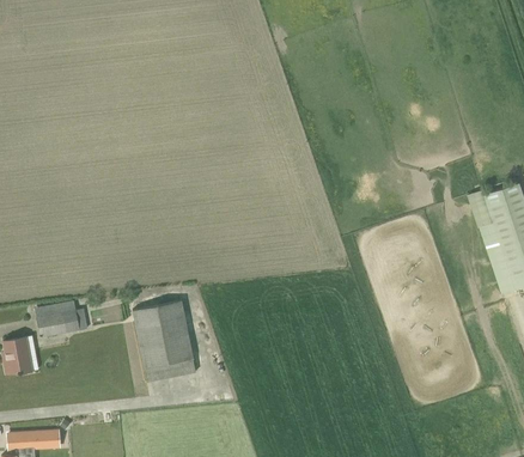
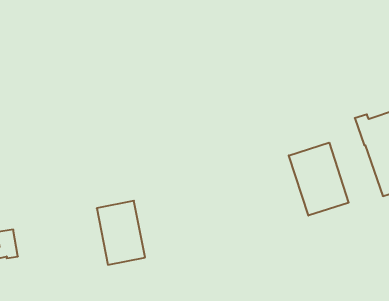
building: none -> [289,143,349,216]
building: [36,307,87,336] -> none

